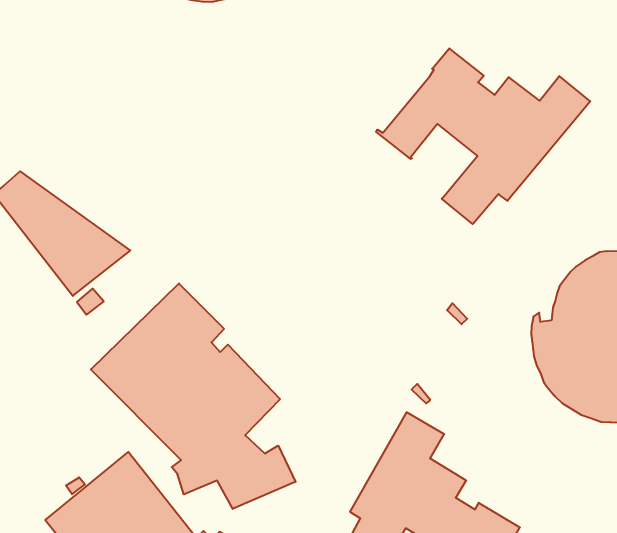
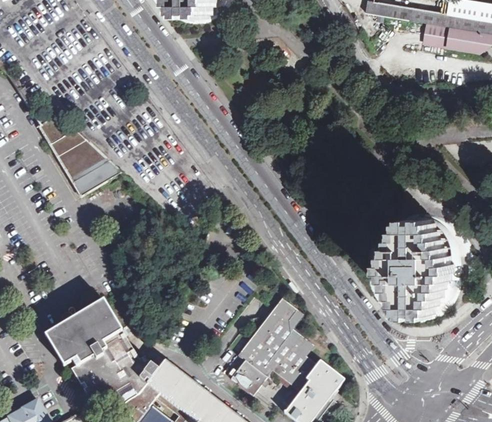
building: [376,48,590,224] -> none
building: [91,283,296,509] -> none

